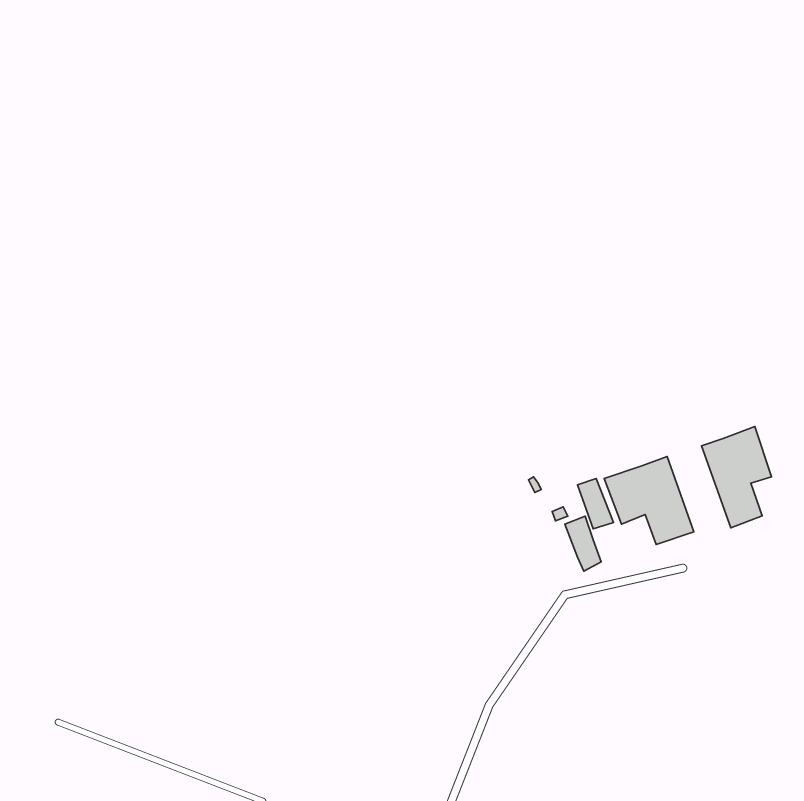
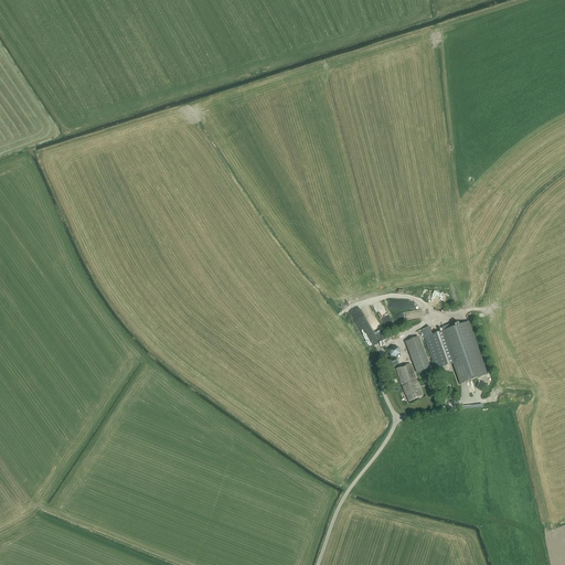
building: [702,427,772,528] -> none

